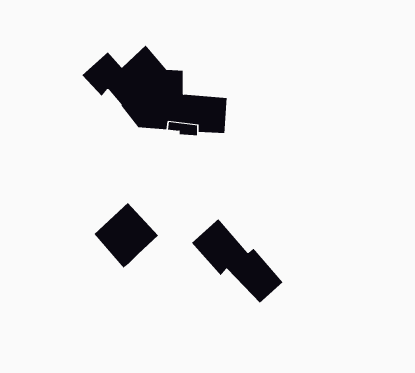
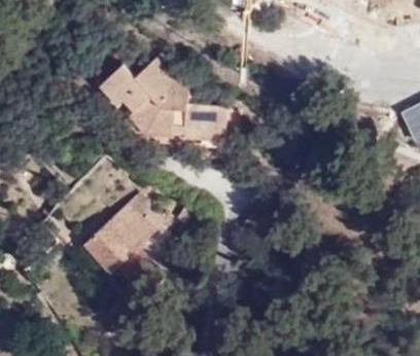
building: [191,218,284,303] -> [83,224,164,298]

